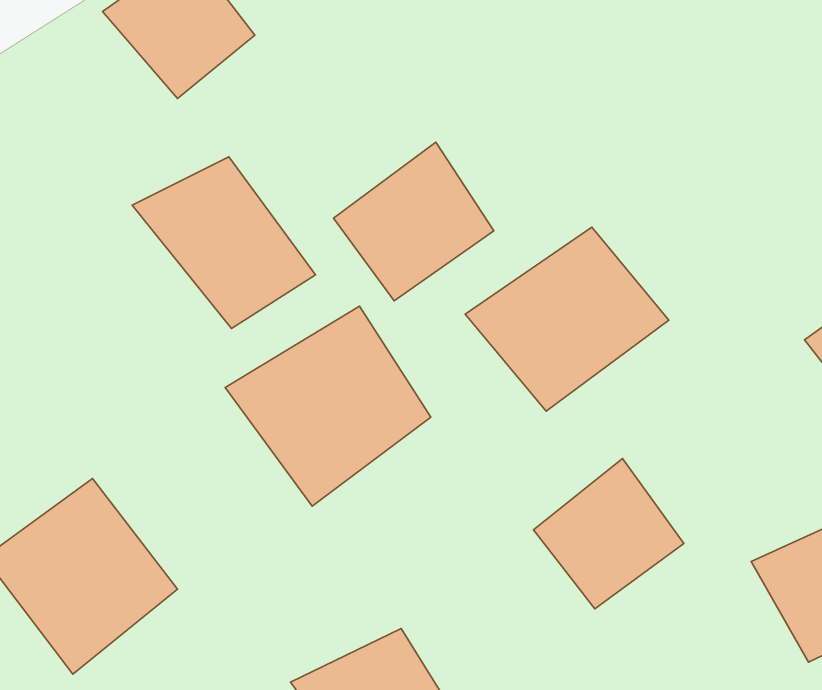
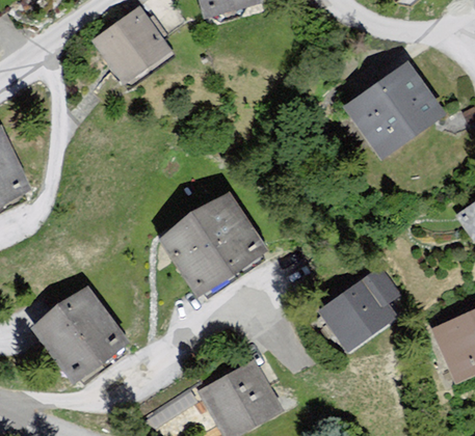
building: [333,142,494,301] -> none
building: [132,157,315,329] -> none
building: [465,227,669,411] -> [347,60,454,157]

